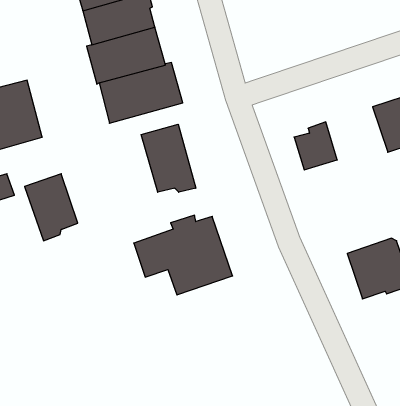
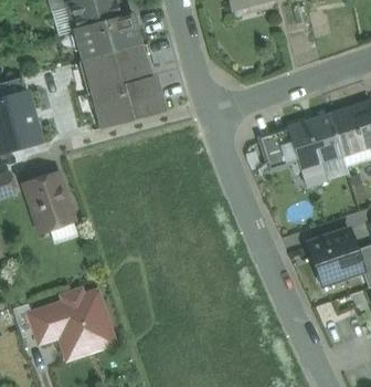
building: none -> [288,114,342,186]
building: [141,124,196,192] -> none
building: [134,215,233,295] -> [29,289,115,358]

